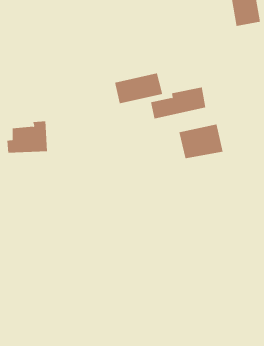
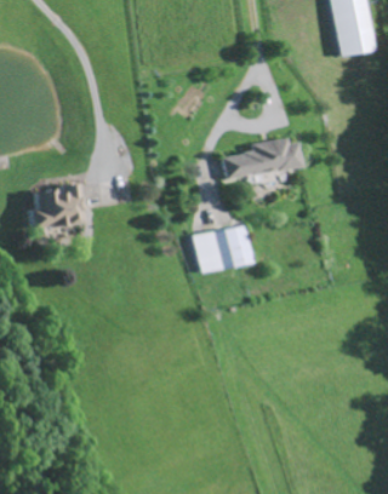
building: [115,73,163,104] -> none
building: [178,124,223,159] -> [193,225,253,272]

